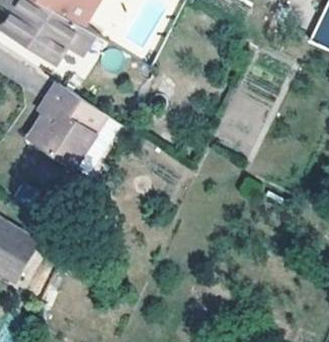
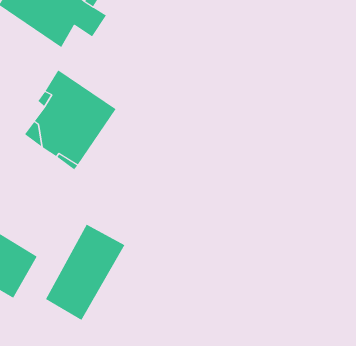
building: none -> [45,224,125,321]

